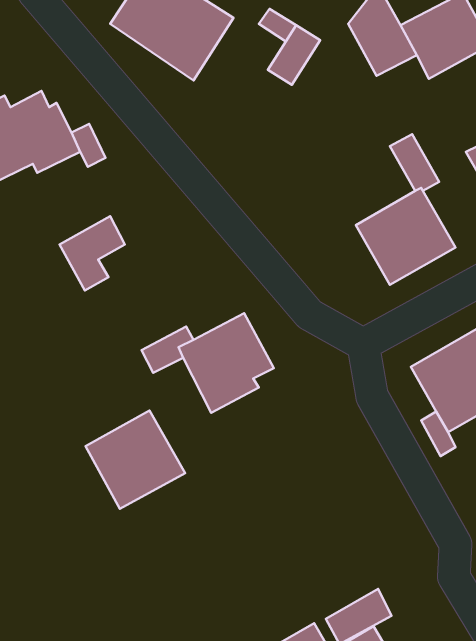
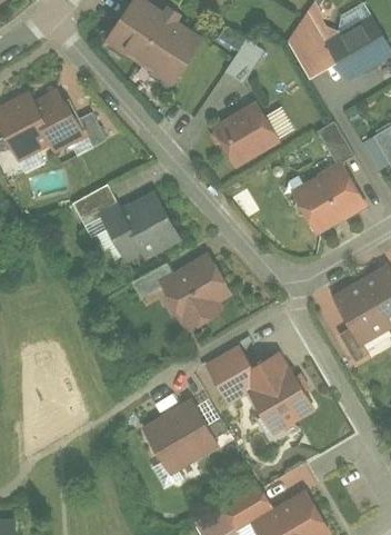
building: none -> [210,100,279,166]
building: none -> [99,190,180,259]
building: [86,411,185,509] -> [144,399,219,473]
building: none -> [207,347,317,434]

